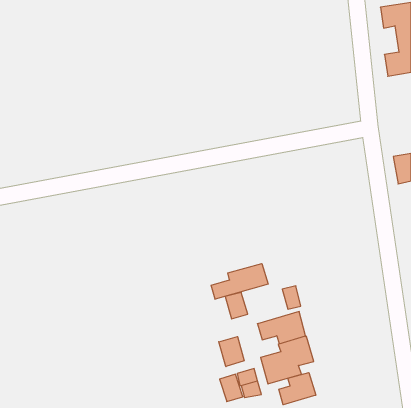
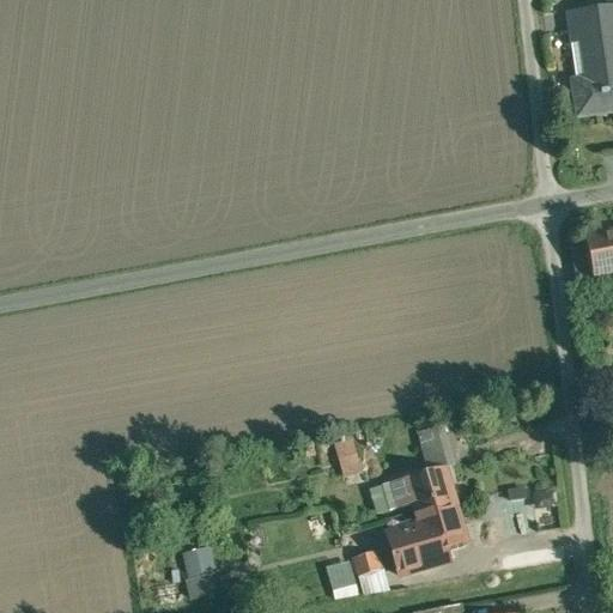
building: [211,264,268,299] -> none
building: [219,337,244,367] -> none
building: none -> [181,544,218,597]
building: [279,373,316,405] -> none

